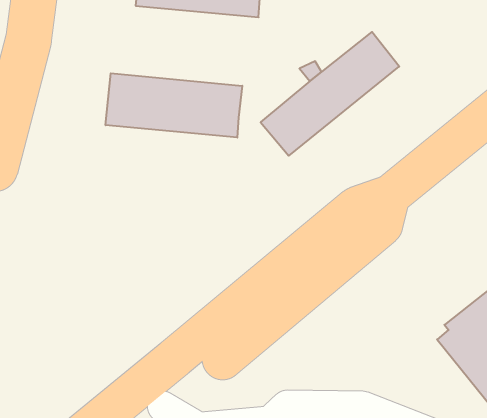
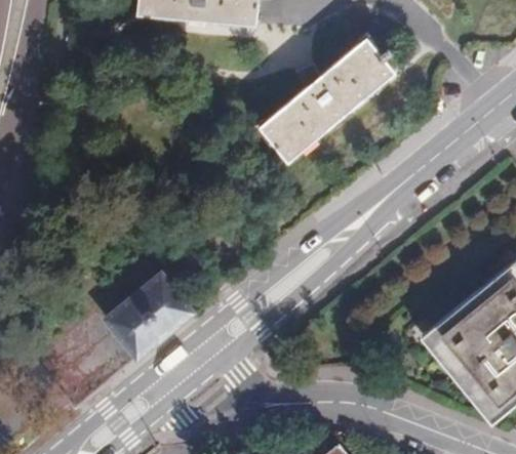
building: [106,73,242,138] -> none
building: none -> [106,278,191,360]

